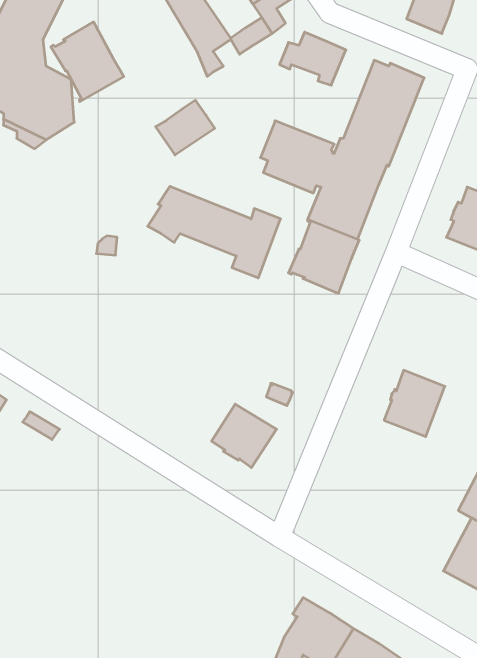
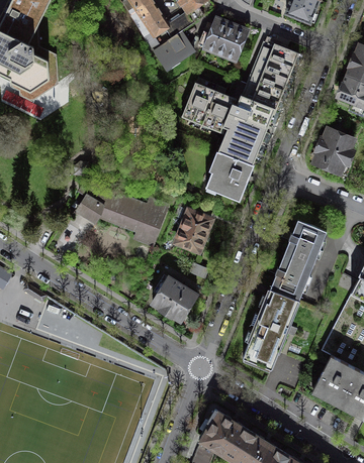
building: [51,22,124,102] -> none
building: [156,100,215,155] -> [153,32,193,70]
building: [148,186,281,278] -> [76,184,167,246]
building: none -> [175,211,210,251]
building: none -> [283,220,326,265]
building: none -> [242,288,298,369]

